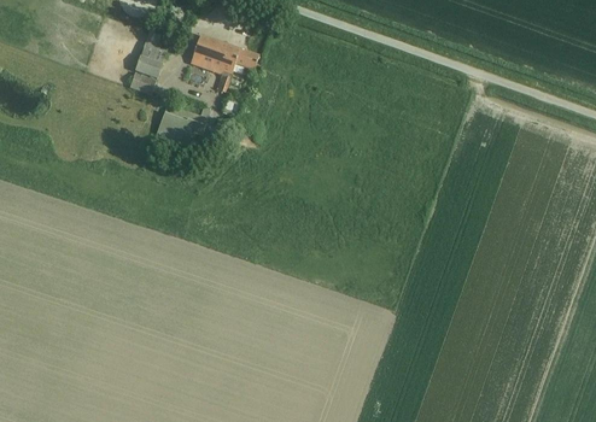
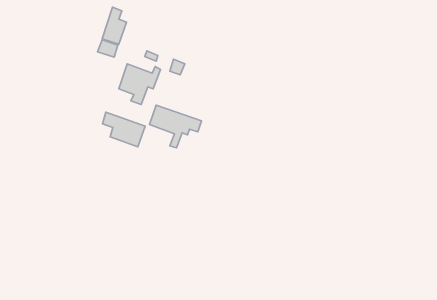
building: [191,35,258,90] -> [150,105,201,148]
building: none -> [102,112,145,147]

